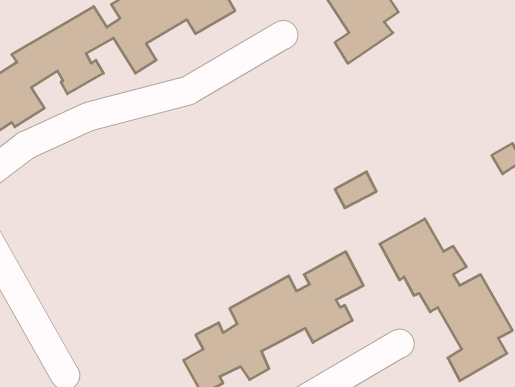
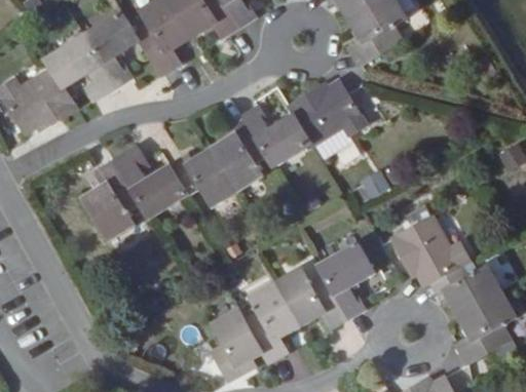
building: none -> [84,79,369,242]

